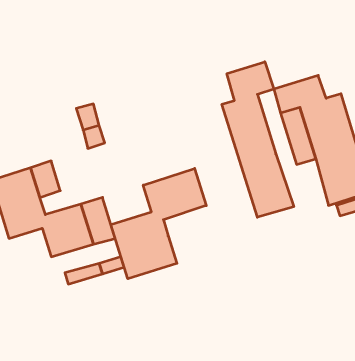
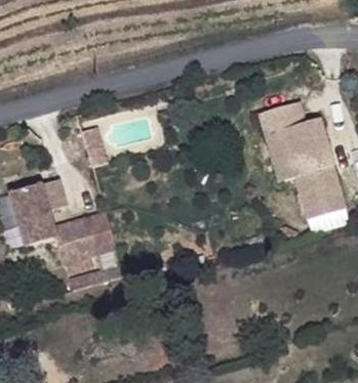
building: [222,62,294,217] -> none
building: [111,168,206,279] -> none

